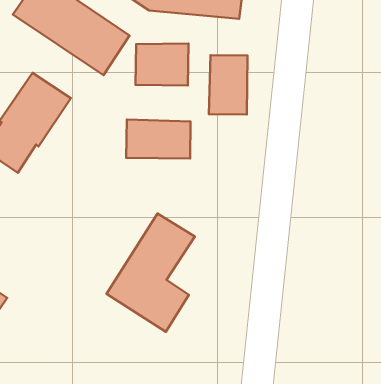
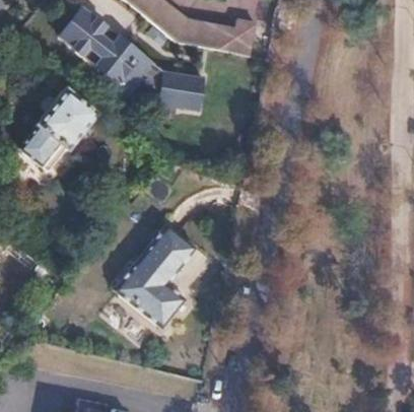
building: [209,55,248,114] -> none
building: [126,120,191,158] -> none

